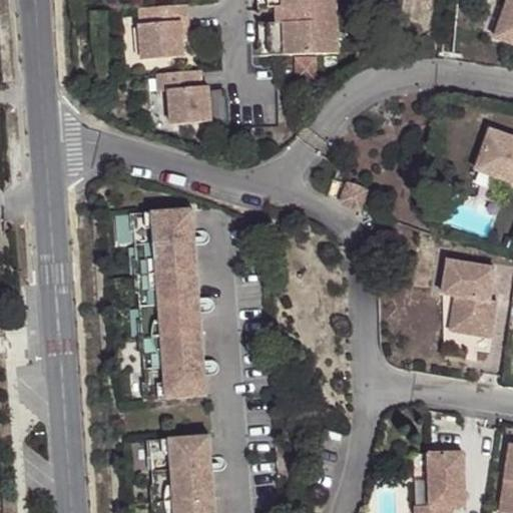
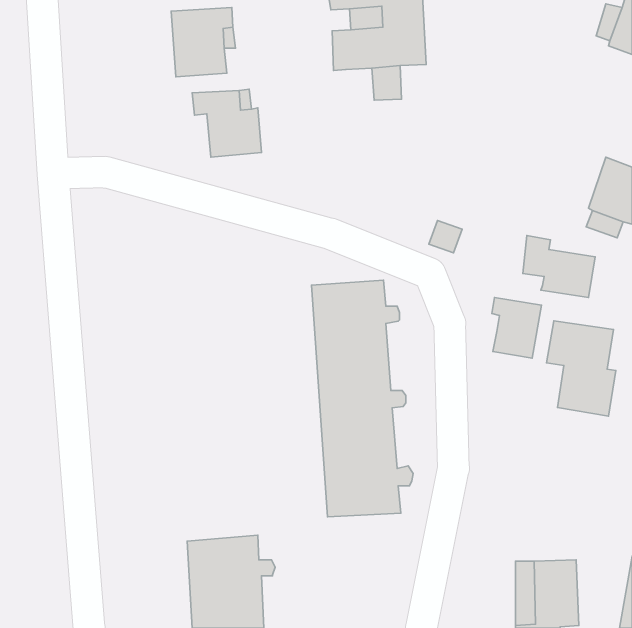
building: none -> [523,236,595,297]
building: [134,205,216,397] -> [312,280,413,517]
building: none -> [492,298,541,358]

